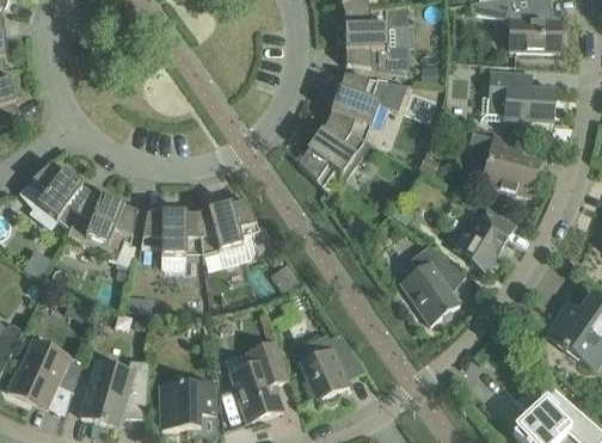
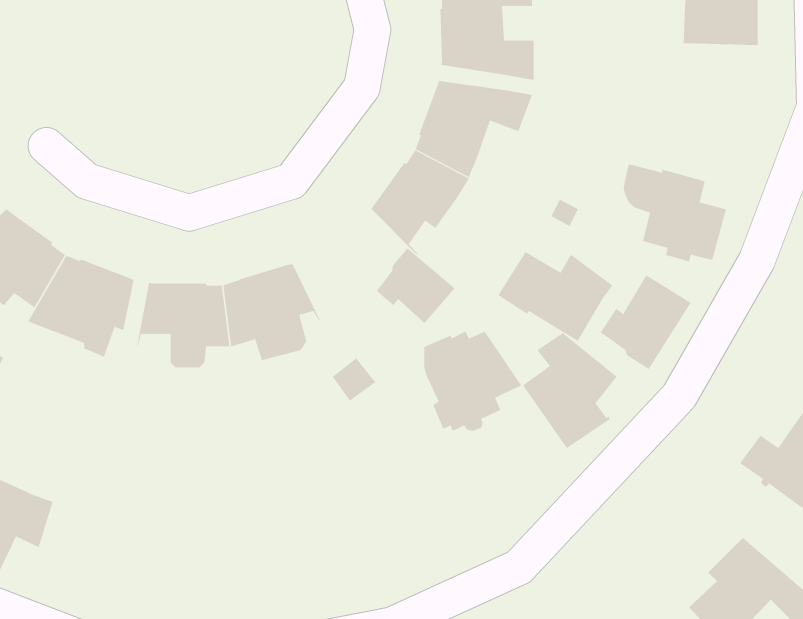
building: [481,69,555,122] -> none
building: none -> [376,248,456,324]
building: none -> [497,251,613,342]
building: [297,332,364,400] -> [424,331,522,431]
building: [226,340,289,422] -> none
building: [81,358,149,424] -> none
building: [160,381,214,427] -> none

